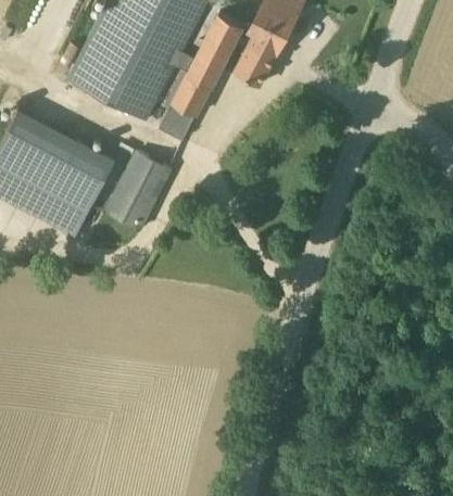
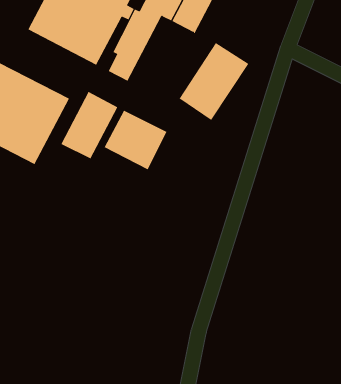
building: none -> [179,42,249,121]
building: none -> [104,110,167,170]

